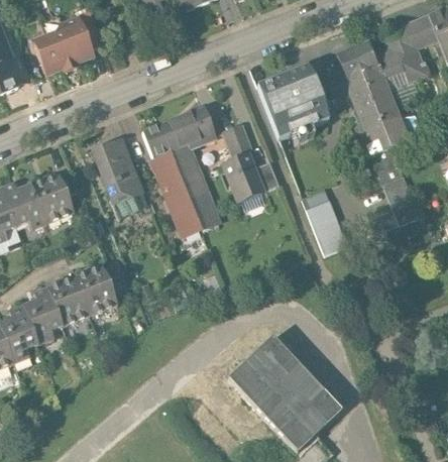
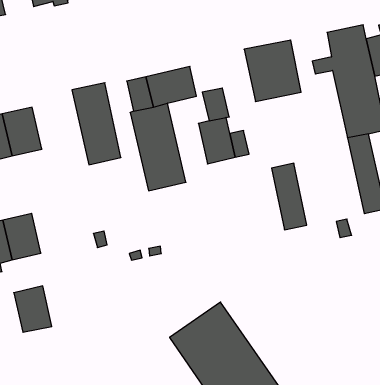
building: [74,265,116,314] -> [14,286,52,332]

